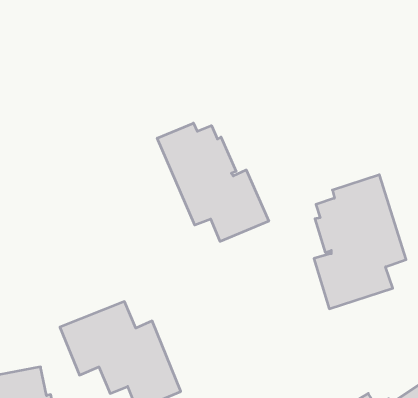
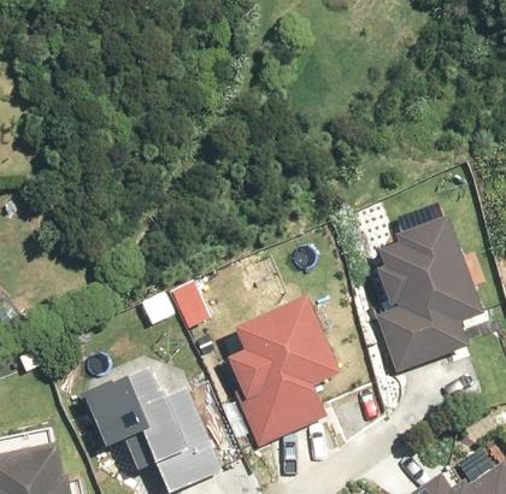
building: [157,123,269,241] -> none
building: none -> [228,295,342,446]

